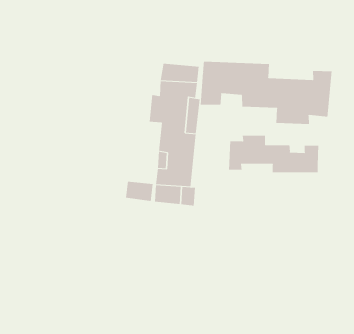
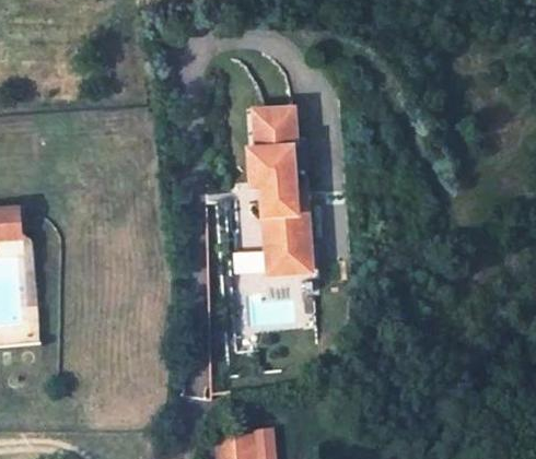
building: [200,61,332,125] -> none
building: [228,135,319,173] -> none

